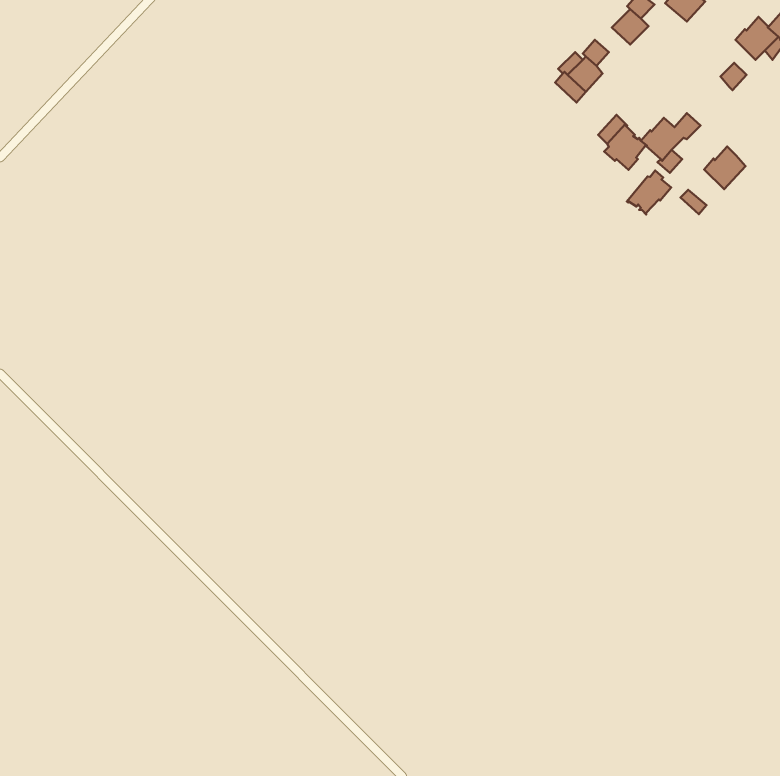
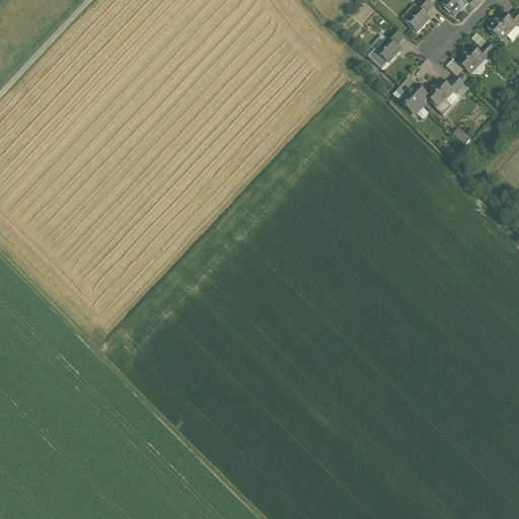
building: [704,146,746,189] -> [457,45,485,73]
building: [627,171,671,214] -> none

